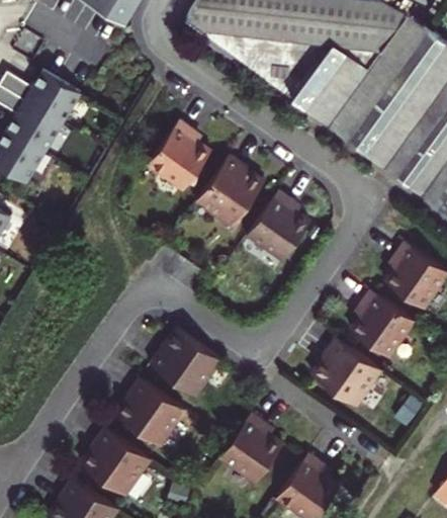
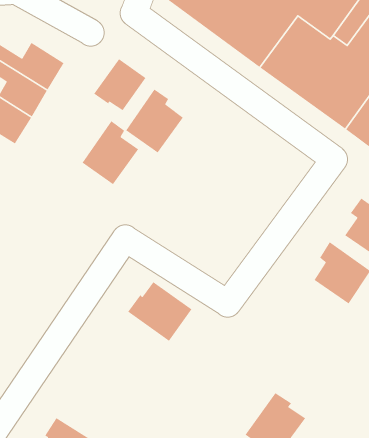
building: none -> [93,58,147,111]
building: [197,157,260,228] -> [81,120,139,185]
building: [246,192,309,263] -> none
building: [317,338,380,406] -> none
building: [116,378,185,446] -> none
building: [219,413,286,484] -> none
building: [83,428,151,495] -> none

